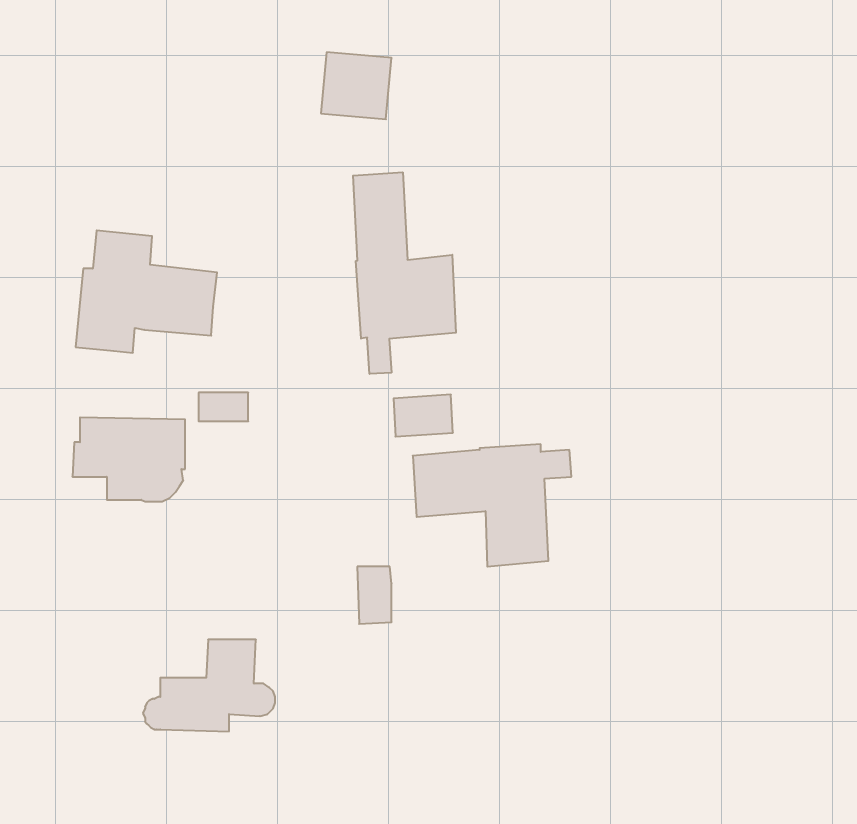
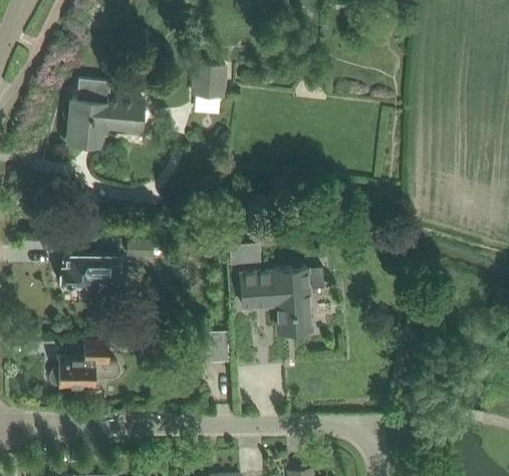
building: [353,172,456,374] -> none
building: [76,230,217,353] -> [68,80,143,145]
building: [143,640,275,731] -> [49,338,118,387]

